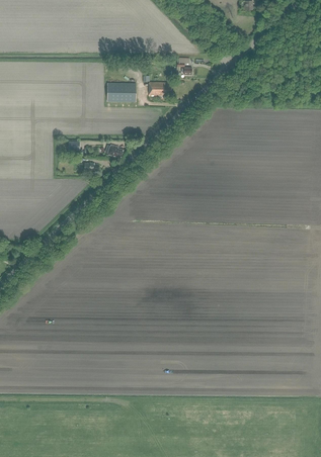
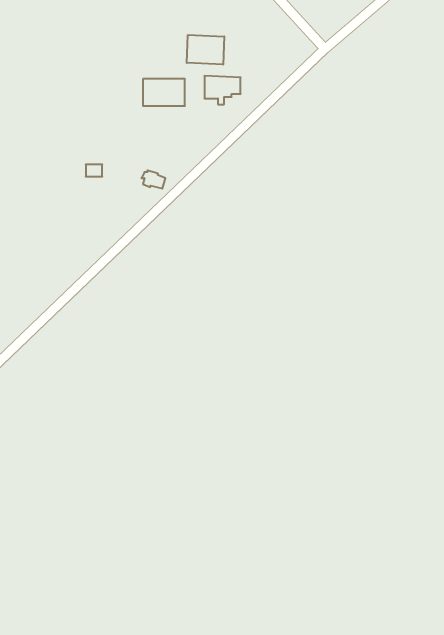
building: none -> [187,35,224,65]

